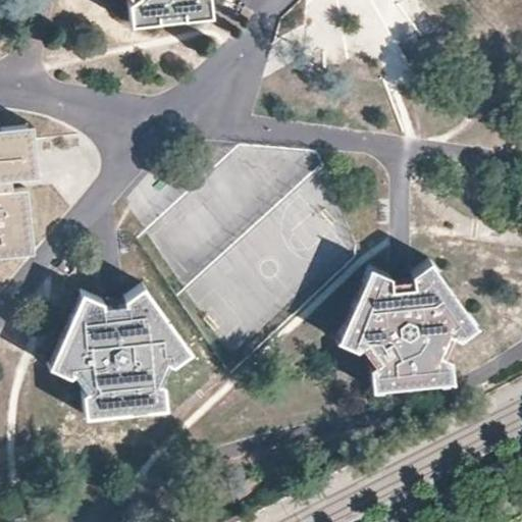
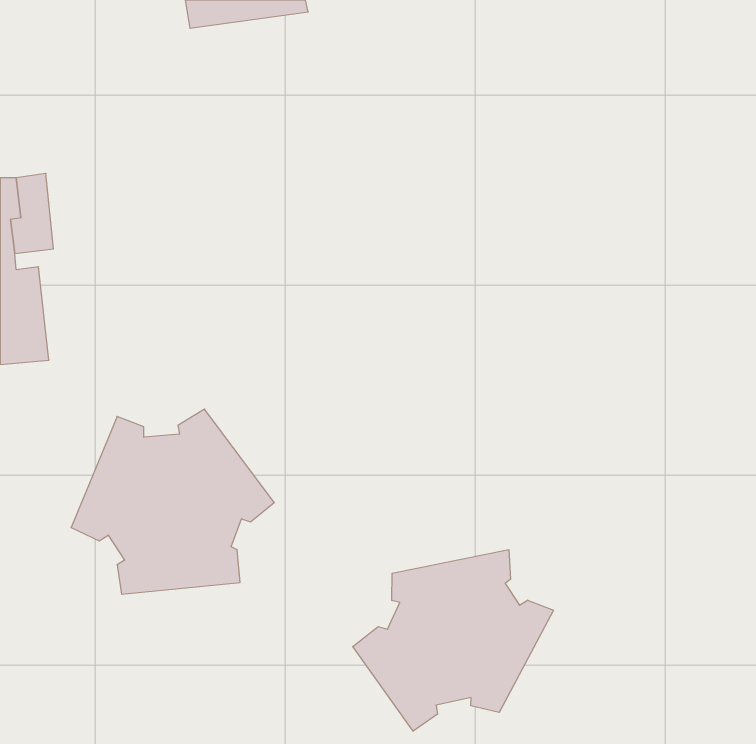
building: [334,264,474,394] -> none
building: none -> [353,550,553,731]

